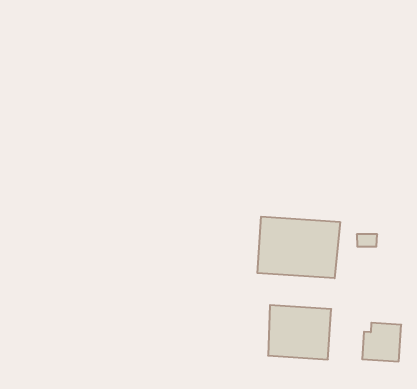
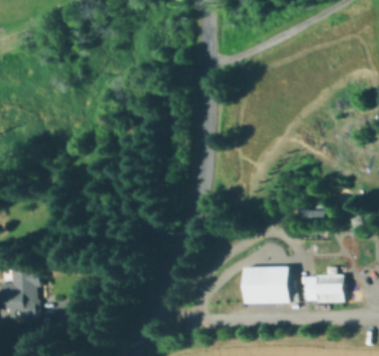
building: [257,217,340,278] -> none

